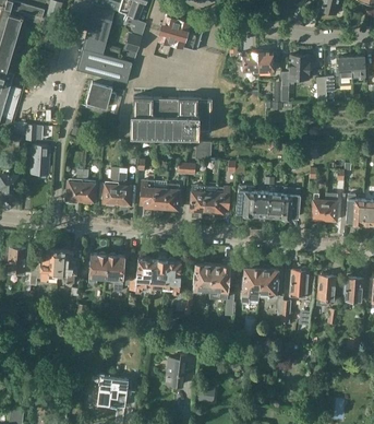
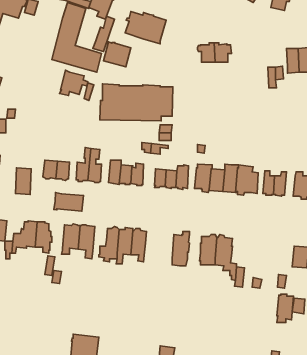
building: none -> [104,42,131,67]
building: [281,55,313,102] -> none
building: [32,145,49,175] -> [16,168,31,194]
building: none -> [54,193,83,211]
building: [193,259,213,295] -> none
building: [290,268,314,298] -> none
building: [317,274,336,306] -> [277,294,294,323]
building: [166,354,196,386] -> none

